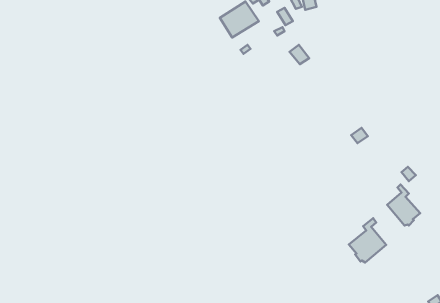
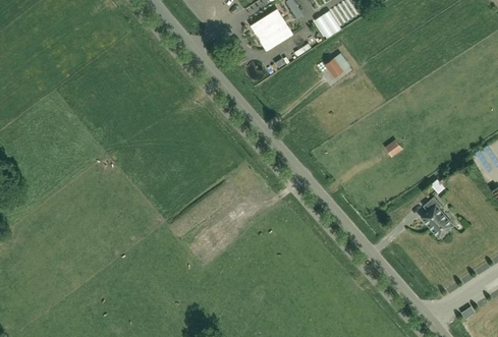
building: [349,218,386,263] -> none

